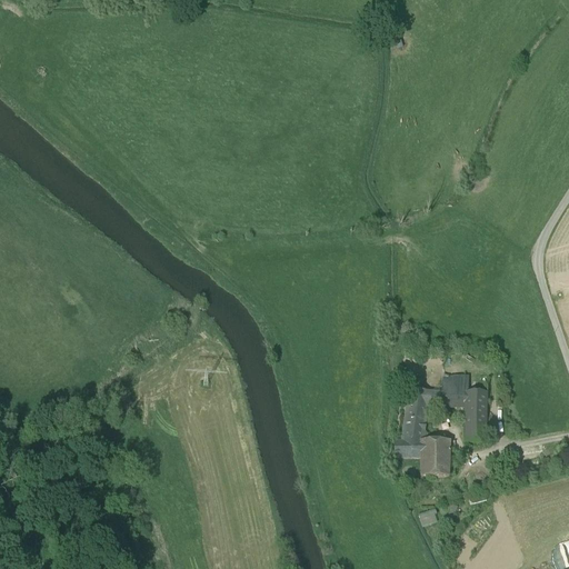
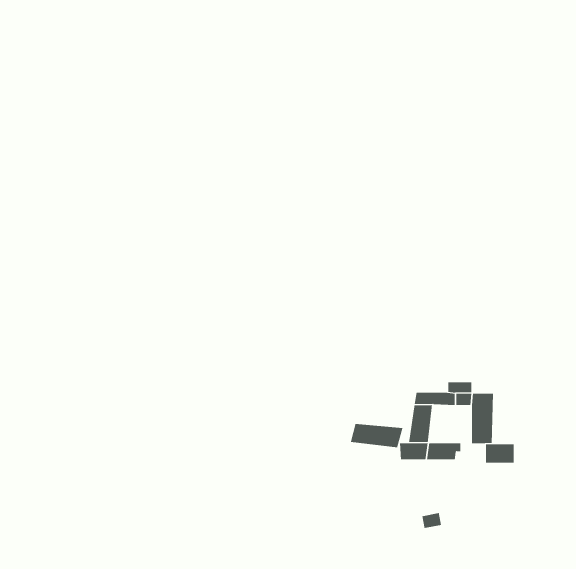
building: none -> [350,423,403,448]
building: [420,453,449,472] -> [485,444,515,463]

